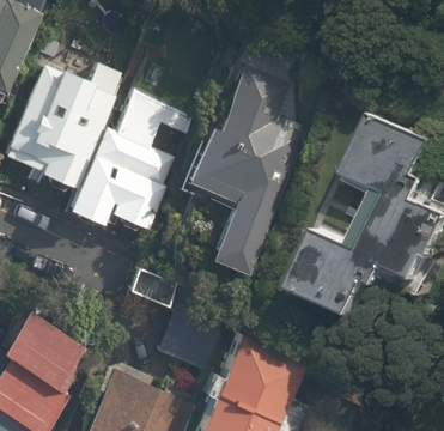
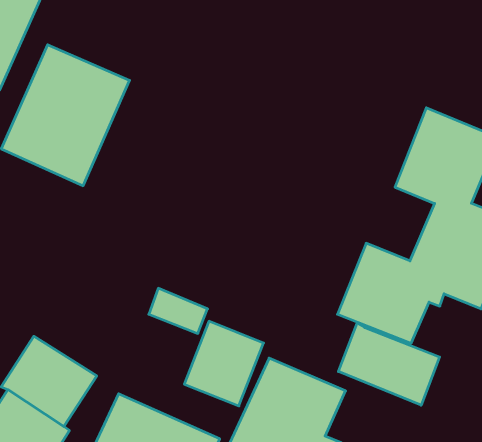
building: [184,73,309,272] -> none
building: [66,87,199,231] -> none
building: none -> [338,323,440,405]

